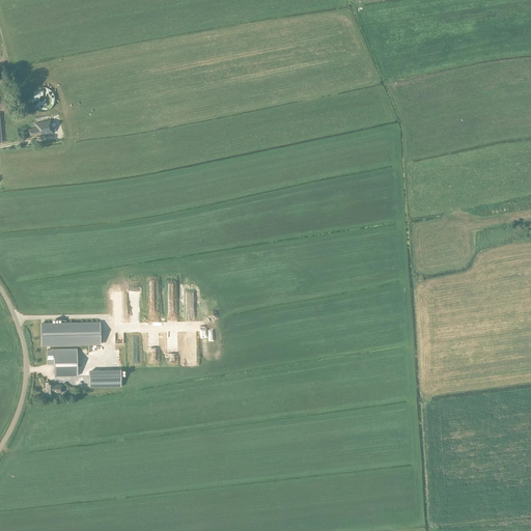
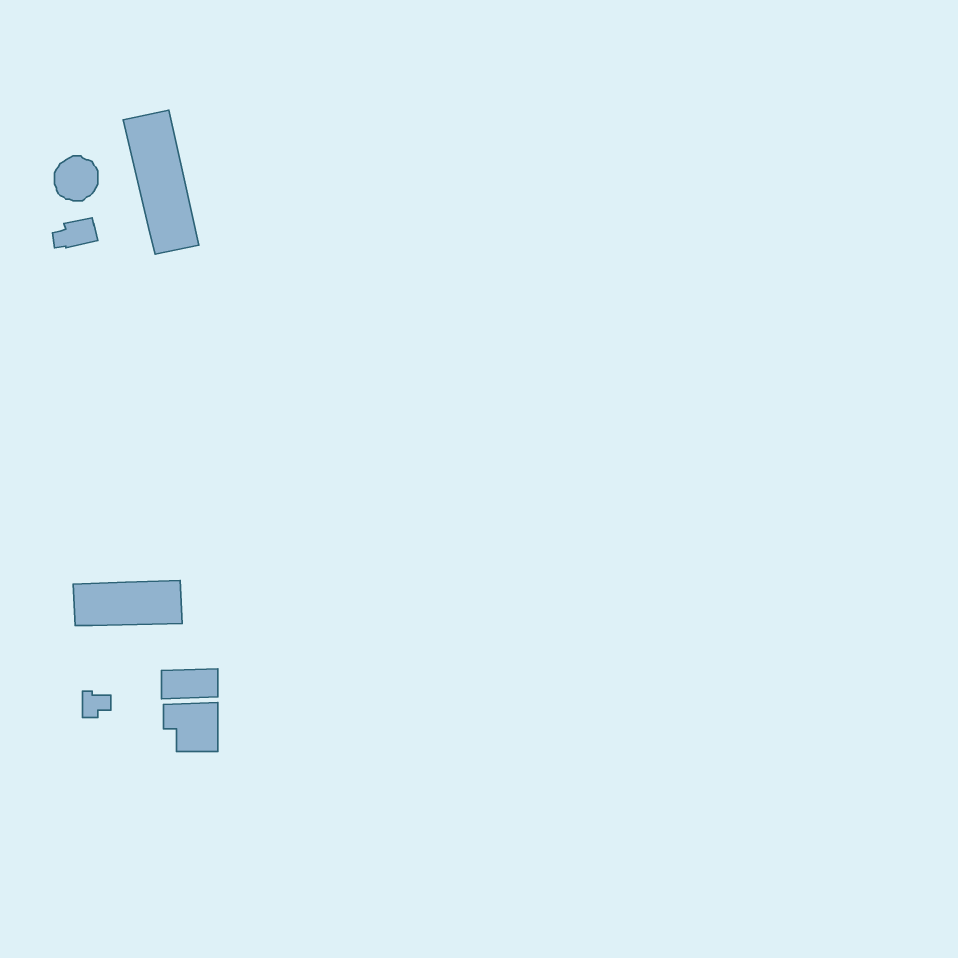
building: none -> [123,110,199,254]
building: [48,348,78,375] -> [163,703,218,751]

